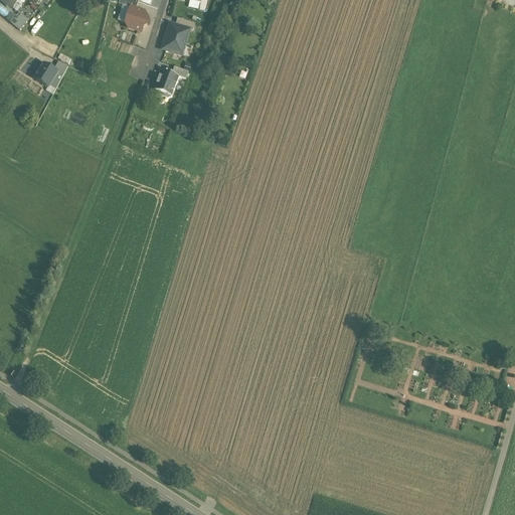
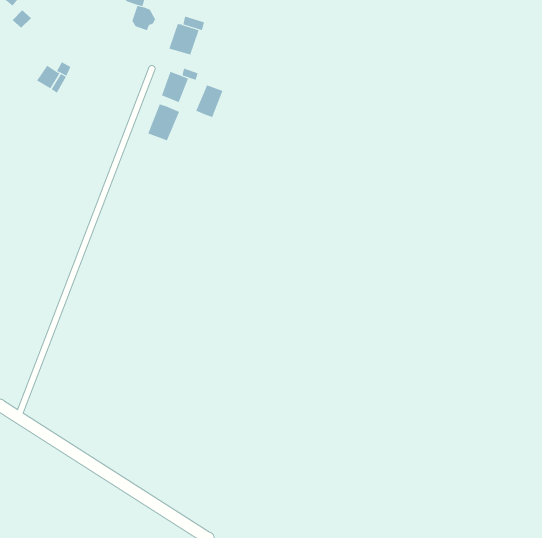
building: none -> [196,84,223,118]
building: none -> [147,103,180,141]

